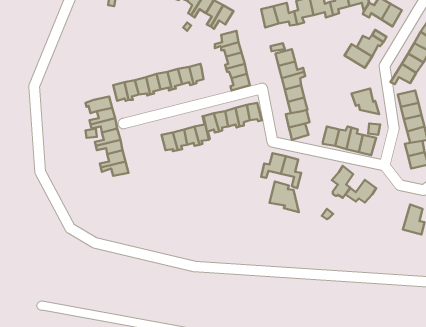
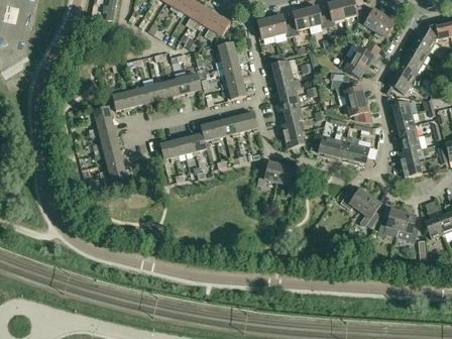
building: none -> [332,79,365,103]
building: [332,166,353,198] -> [360,196,381,227]
building: [270,181,299,212] -> none
building: none -> [378,208,405,236]

